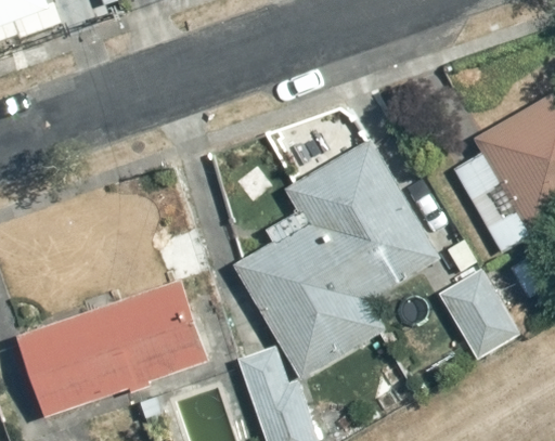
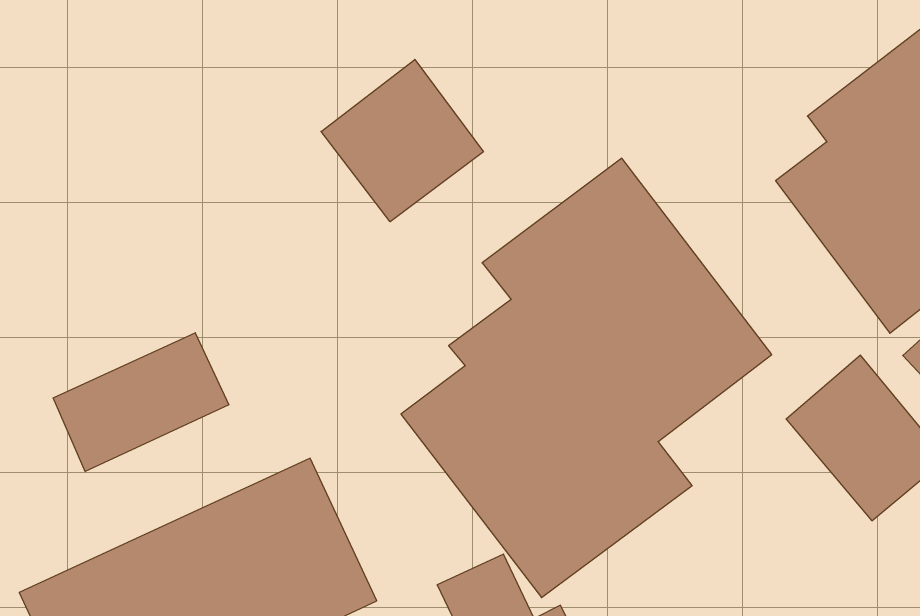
building: none -> [321,59,483,222]
building: none -> [53,333,229,472]

